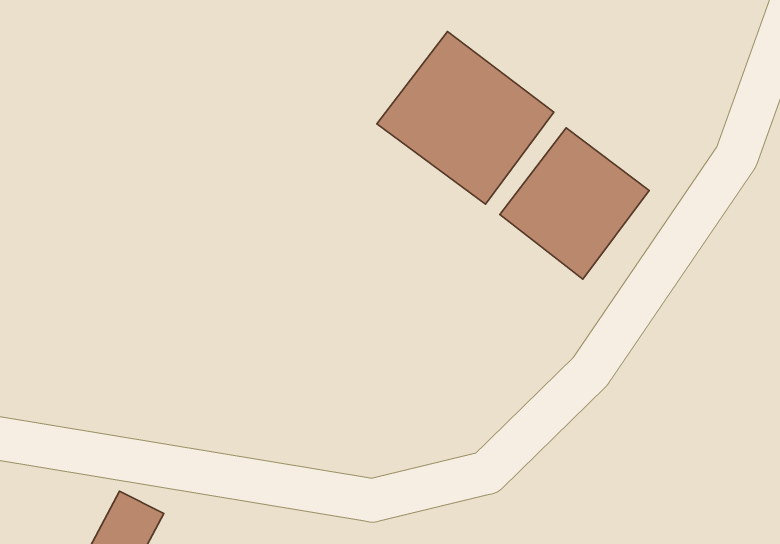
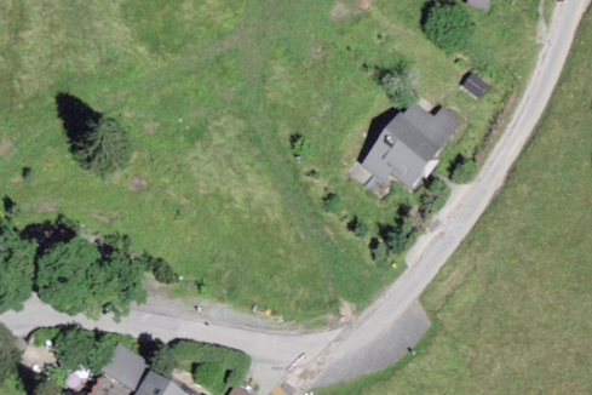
building: [377,32,554,204] -> none

